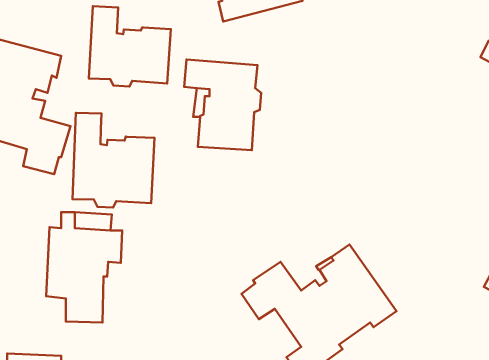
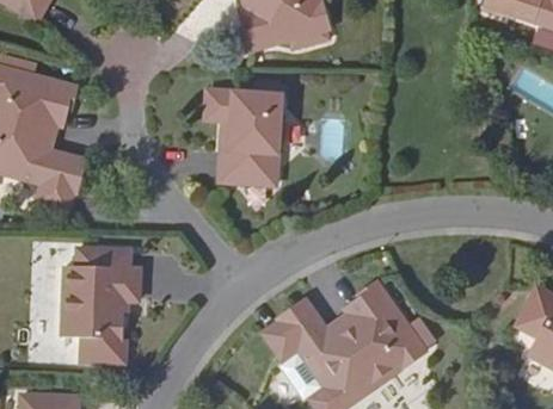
building: [89,6,171,86] -> none
building: [72,113,155,208] -> none

